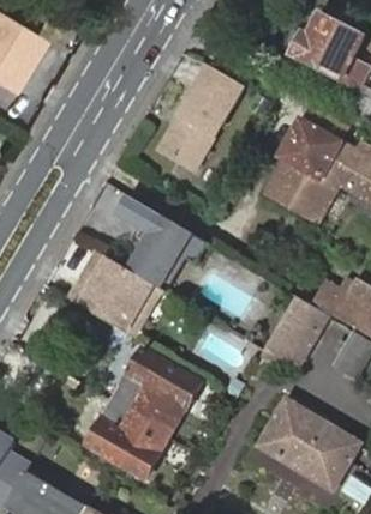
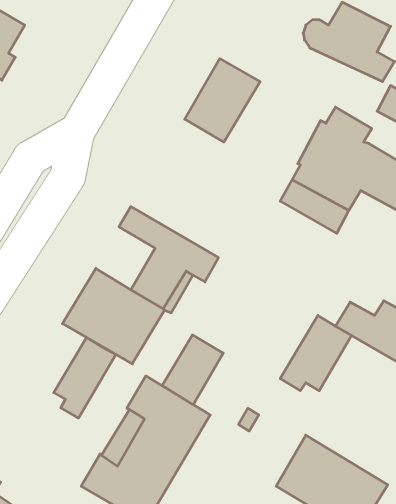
building: [160,117,214,169] -> none
building: none -> [162,335,223,405]
building: none -> [54,337,116,418]

